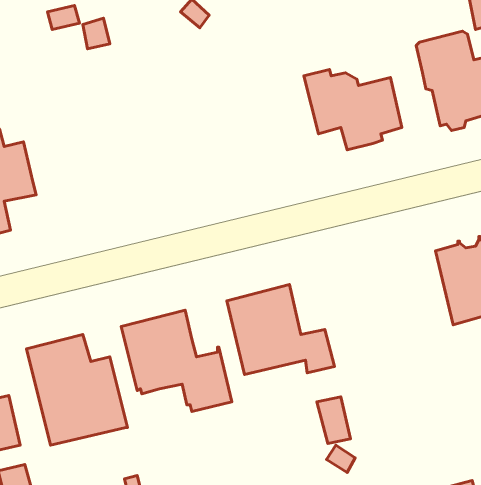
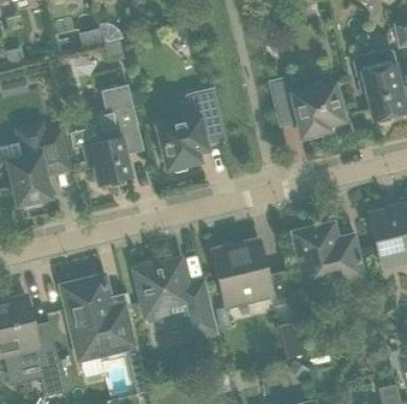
building: none -> [83,85,140,186]
building: none -> [157,89,225,172]
building: none -> [291,220,365,292]

